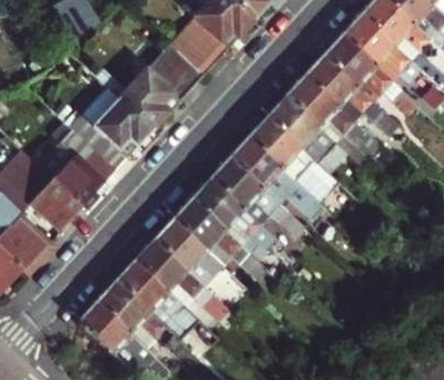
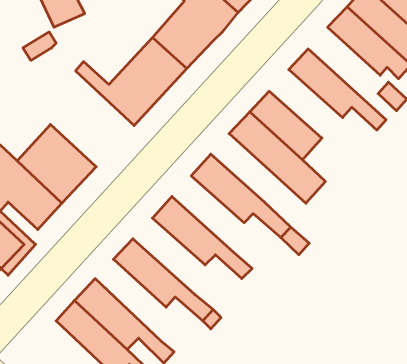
building: [322,35,392,103] -> none
building: [284,76,379,166] -> none
building: [70,99,152,170] -> none
building: [227,138,323,220] -> none
building: [189,179,286,260] -> none
building: [151,221,230,295] -> none
building: [115,261,198,341] -> none

